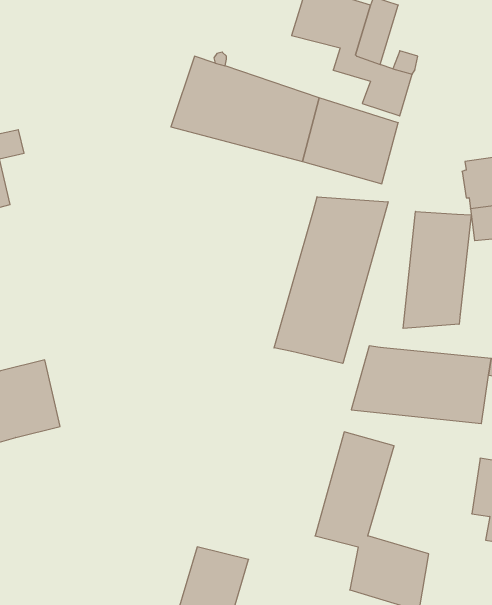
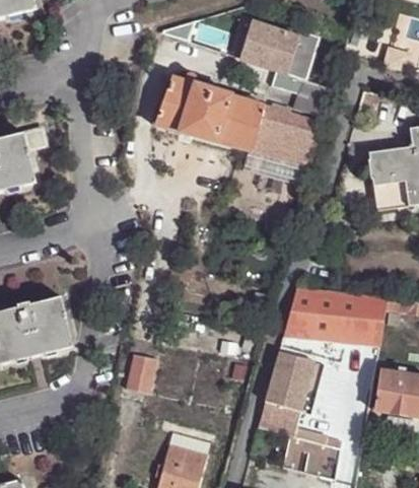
building: [274,197,388,363] -> none
building: [403,211,471,328] -> none
building: none -> [127,353,159,393]

